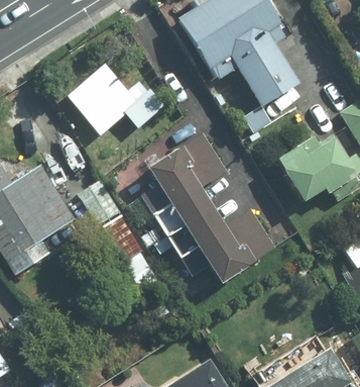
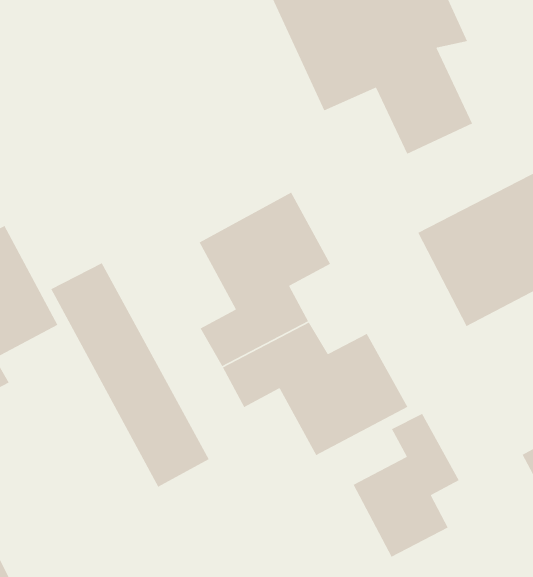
building: [64,62,164,137] -> none
building: none -> [353,413,460,558]

